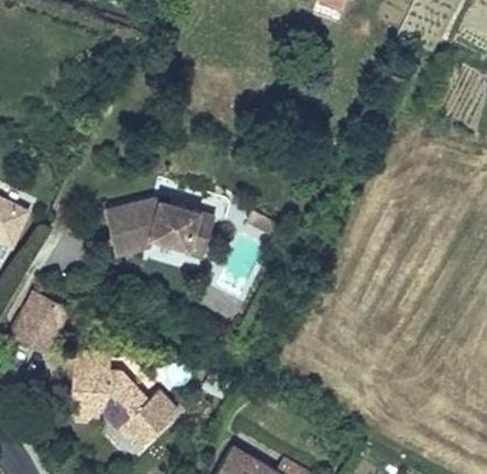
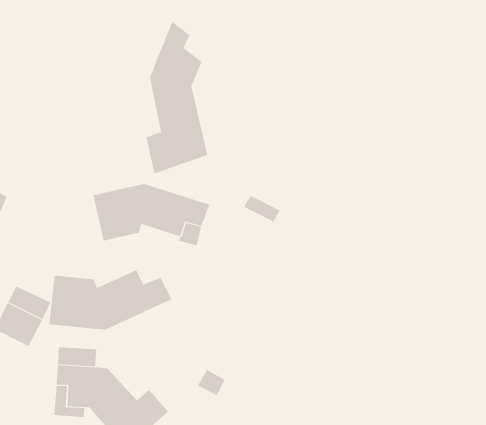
building: none -> [146,21,208,174]
building: none -> [49,270,172,331]

